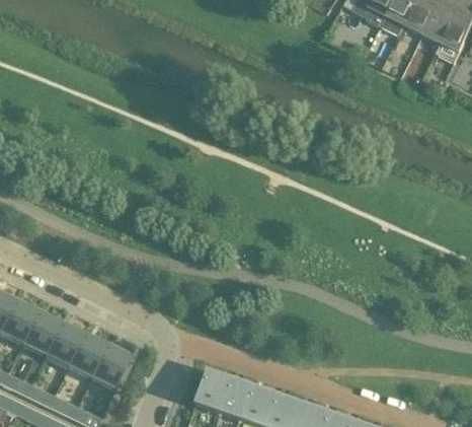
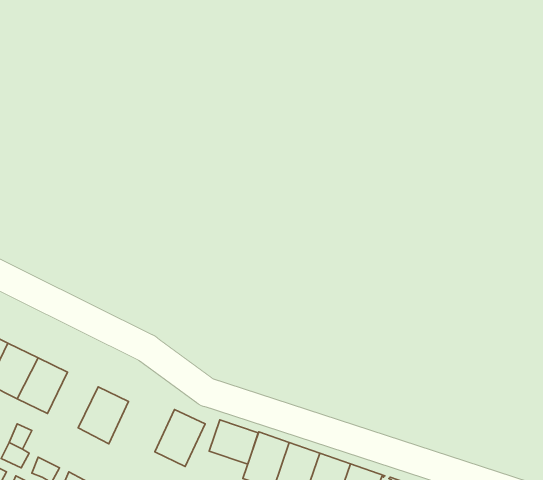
building: [46,322,84,364] -> none
building: [92,344,131,387] -> [155,409,205,466]
building: none -> [209,420,258,464]

